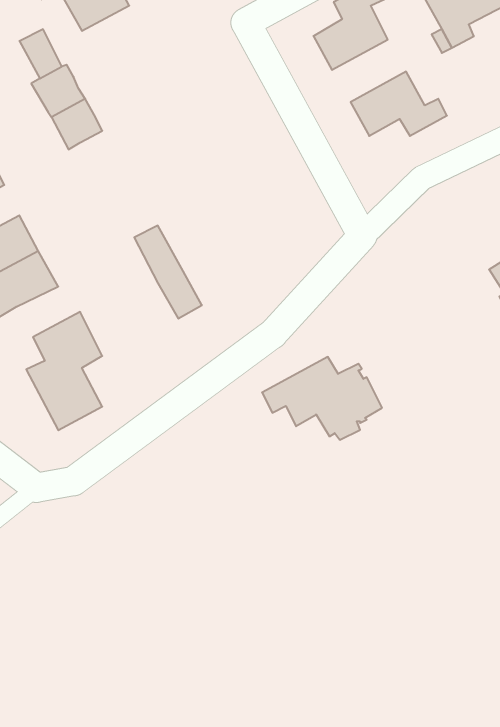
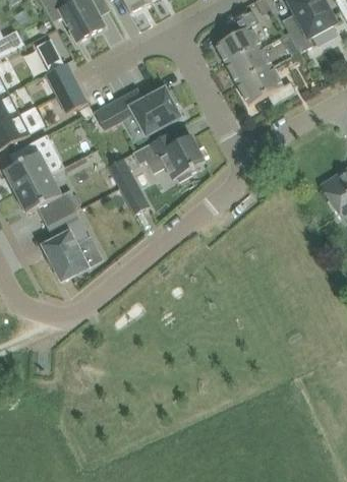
building: none -> [227,46,272,83]
building: none -> [95,87,180,134]
building: none -> [37,189,80,225]
building: [262,357,382,440] -> [132,130,205,180]

